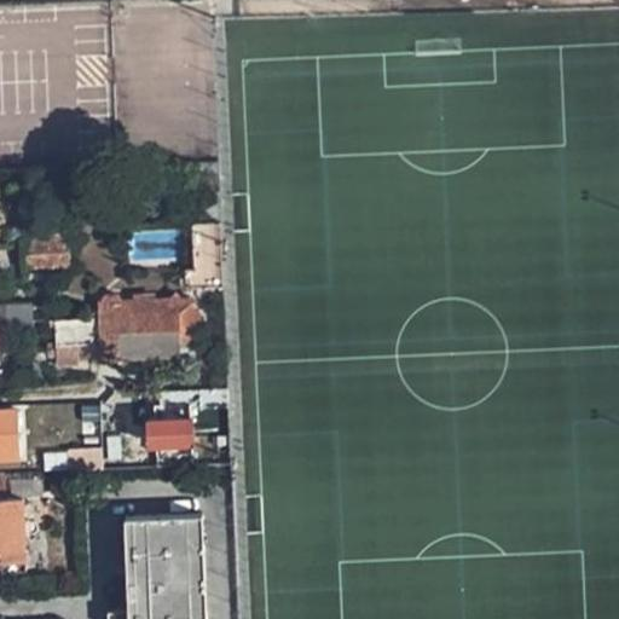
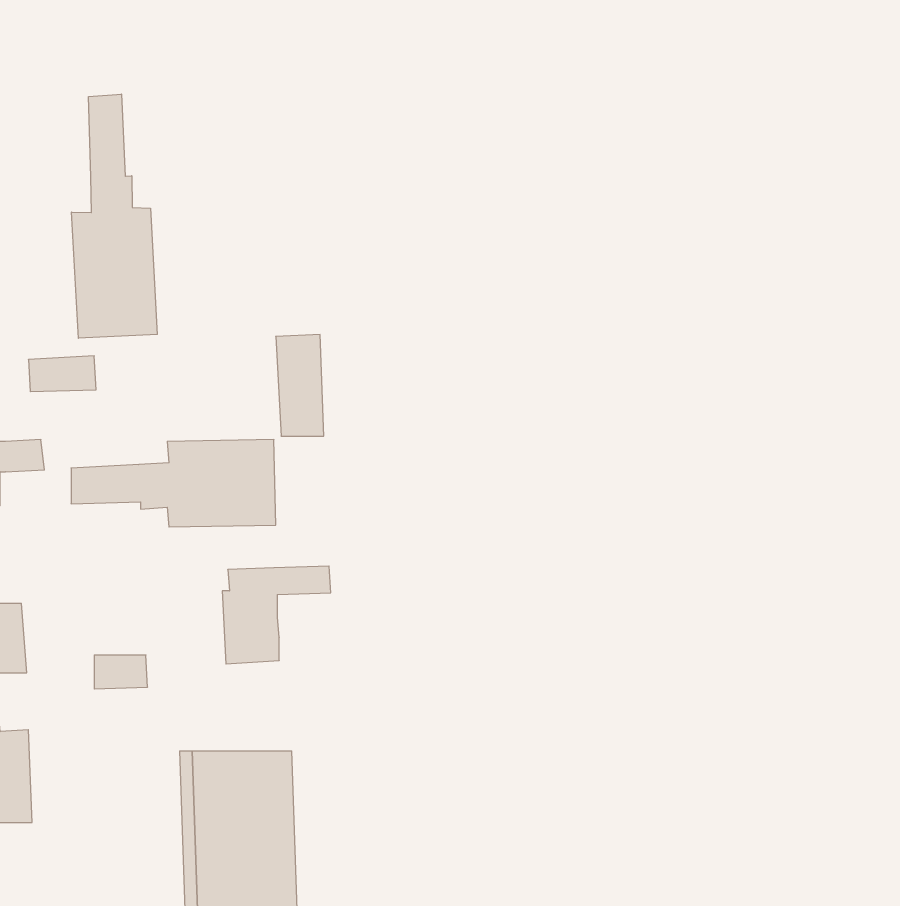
building: none -> [72,94,157,338]

